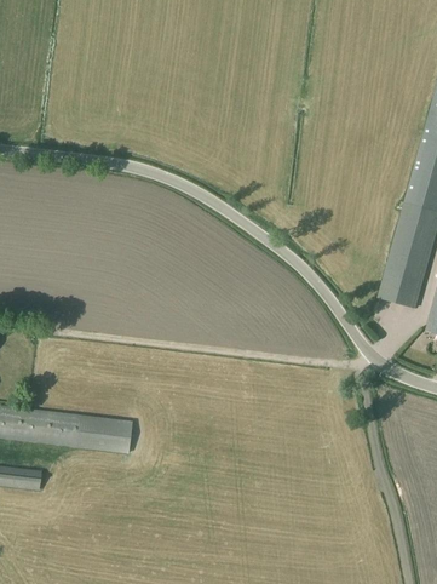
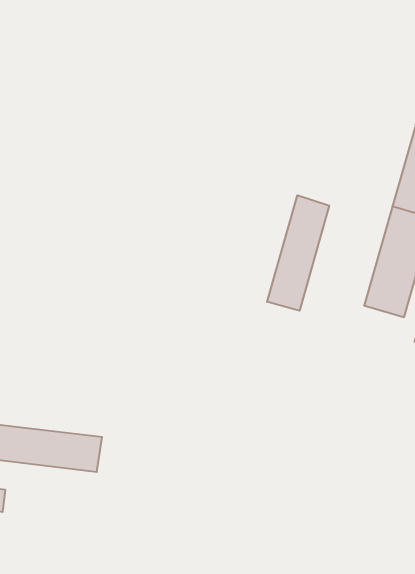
building: none -> [267,195,329,311]

